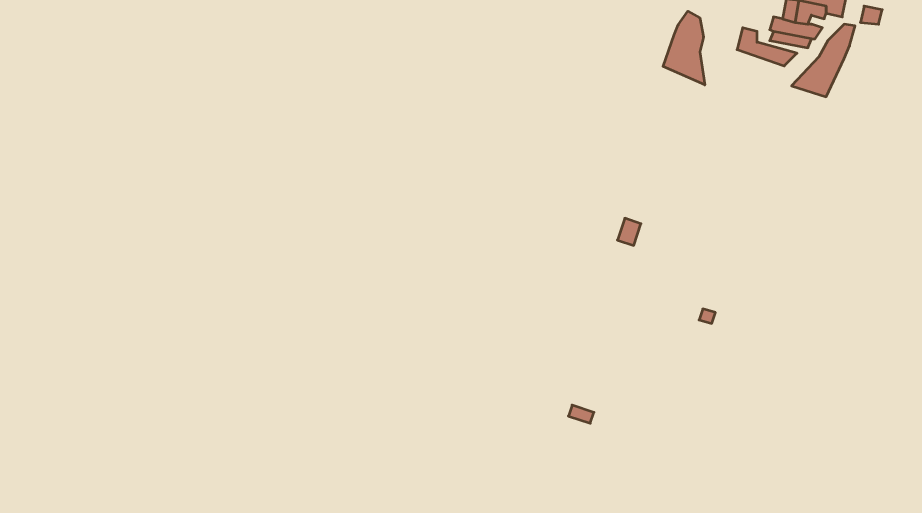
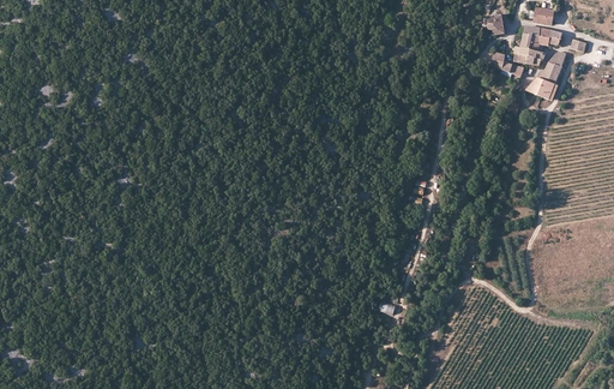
building: [663,11,705,85] -> none

